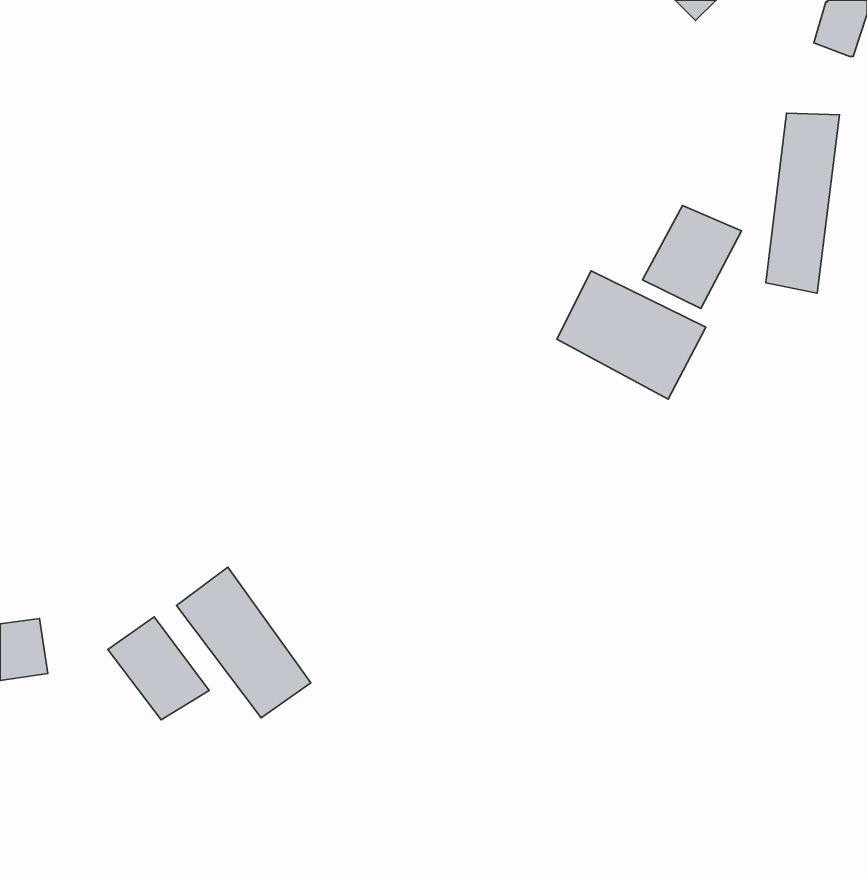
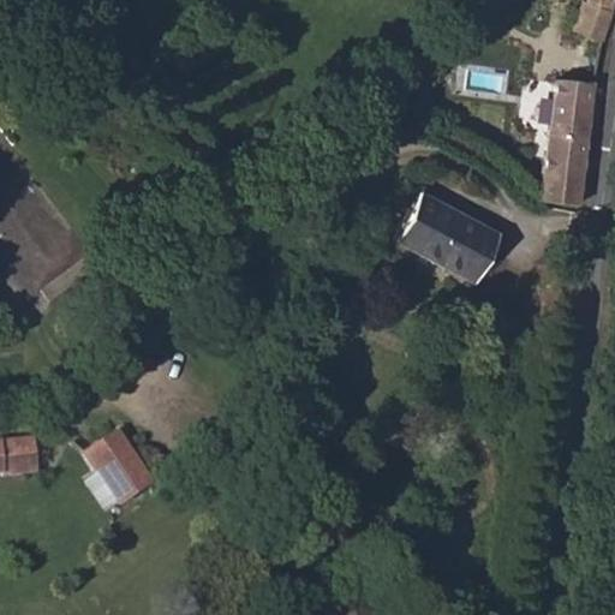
building: [643,205,741,309] -> none
building: [176,567,311,718] -> none

